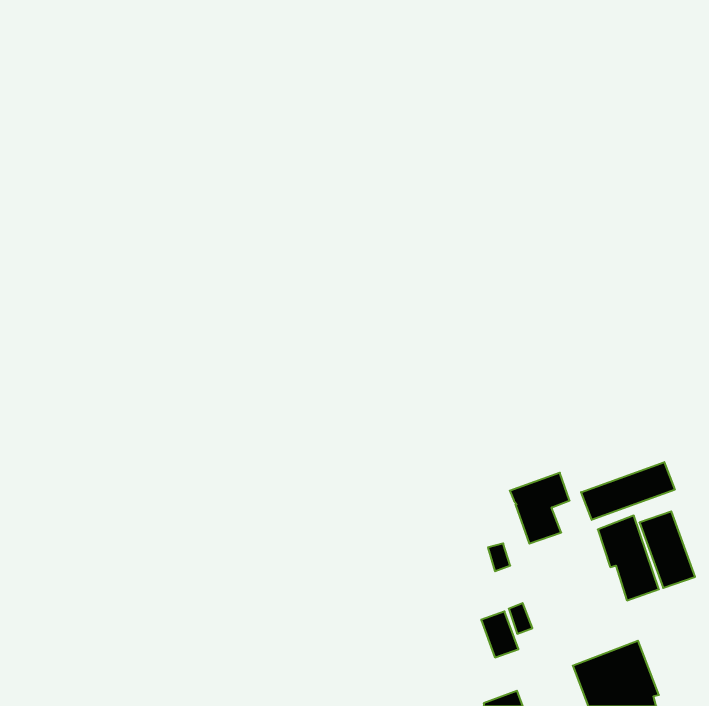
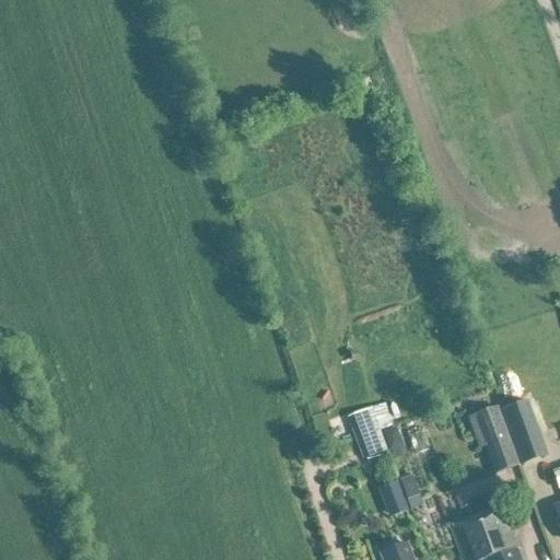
building: [581,462,675,520] -> none
building: [510,473,570,544] -> [348,402,395,458]

